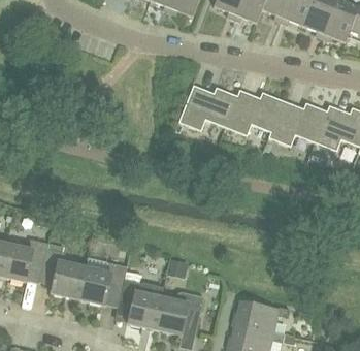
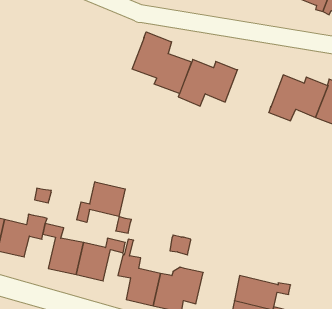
building: none -> [132,32,192,94]
building: [225,89,283,135] -> none
building: none -> [77,182,125,222]

